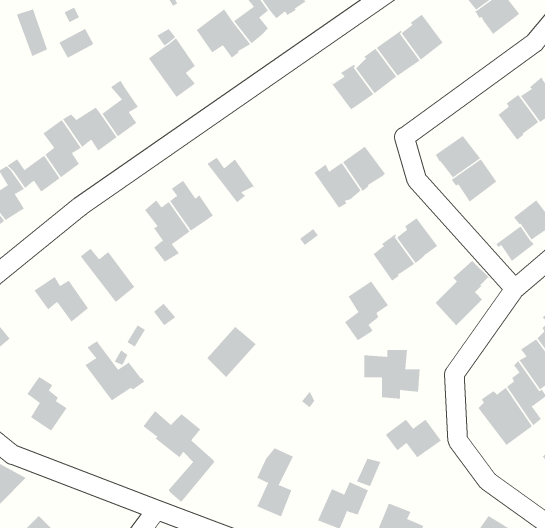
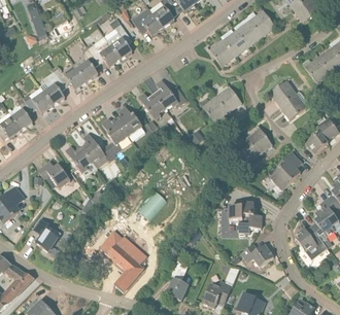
building: none -> [89,36,121,66]
building: none -> [155,78,186,110]
building: [344,280,389,341] -> none
building: [85,340,145,401] -> [81,132,116,167]

